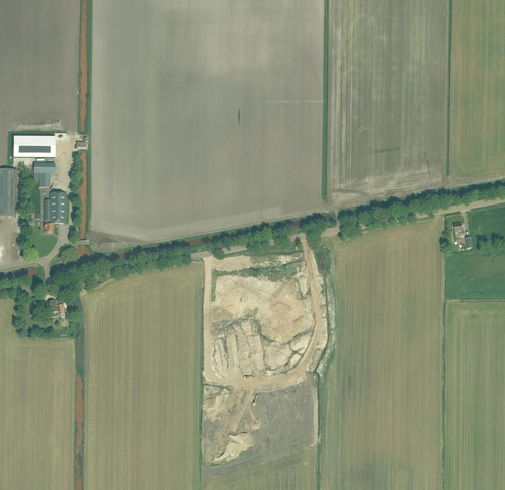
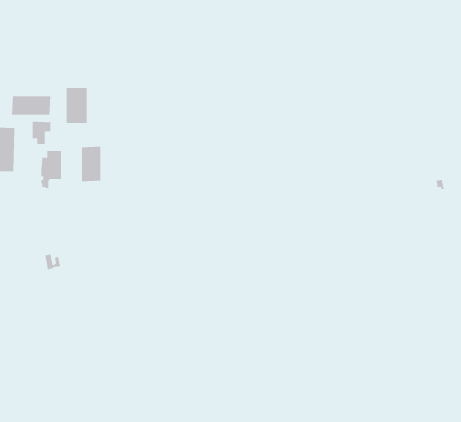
building: none -> [66,87,87,124]
building: none -> [81,146,101,182]

